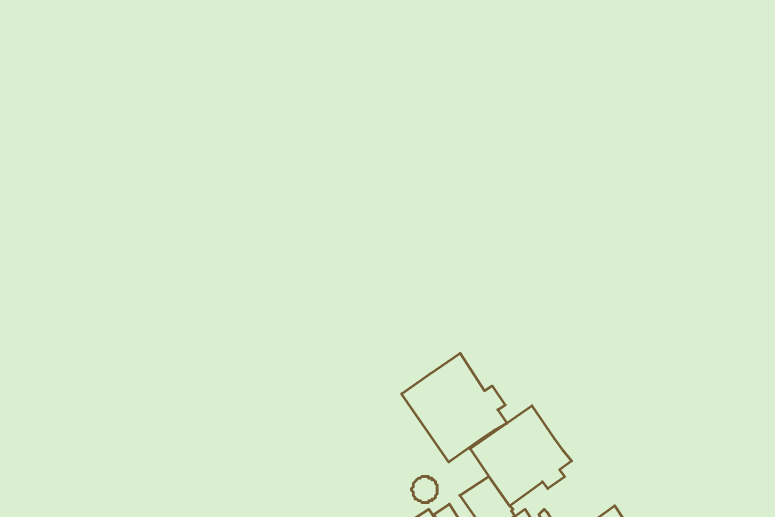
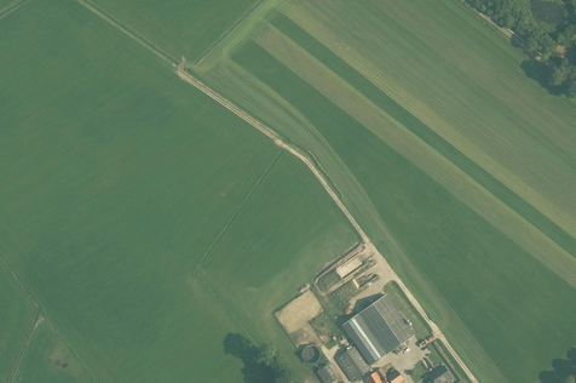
building: [402,353,507,462] -> none

